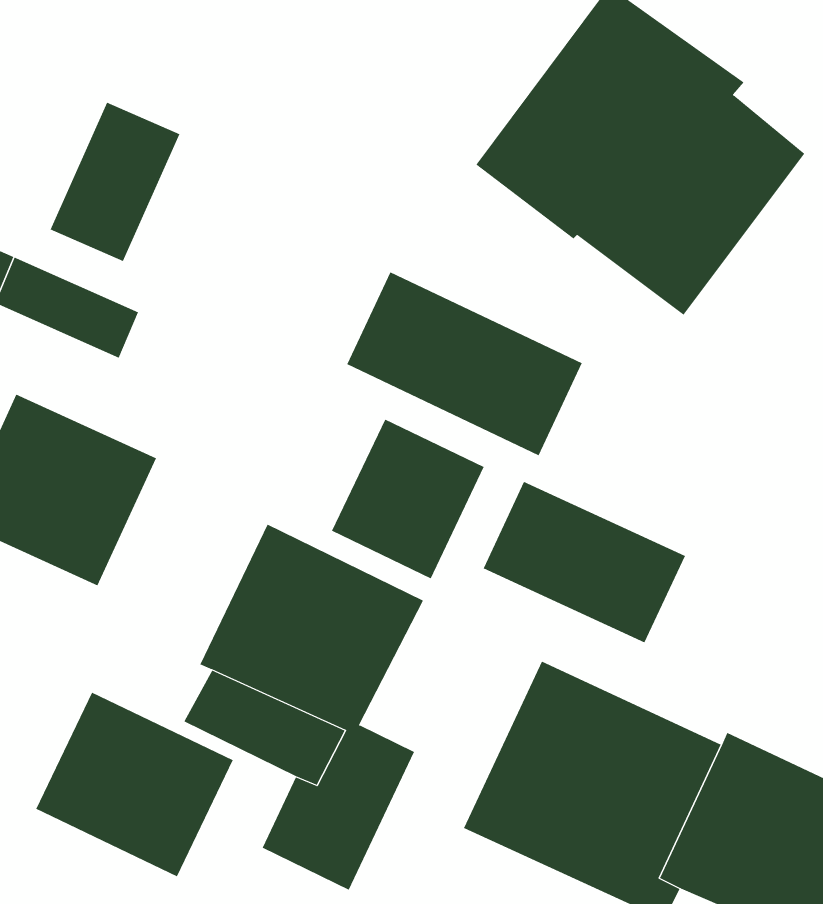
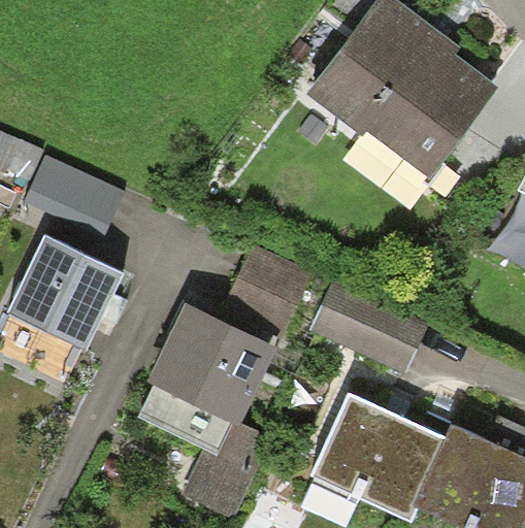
building: [50,102,180,262] -> none
building: [346,271,582,456] -> none
building: [35,692,233,877] -> none

